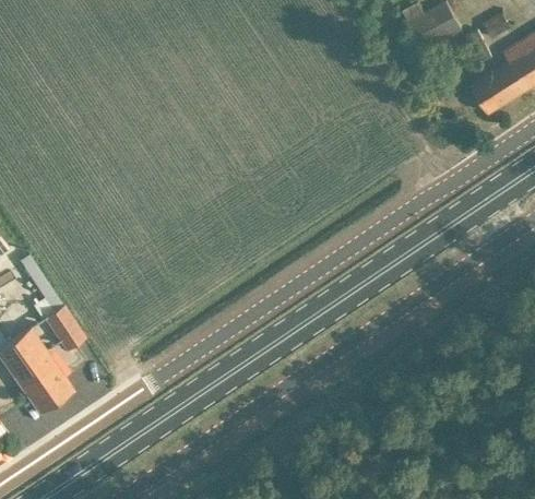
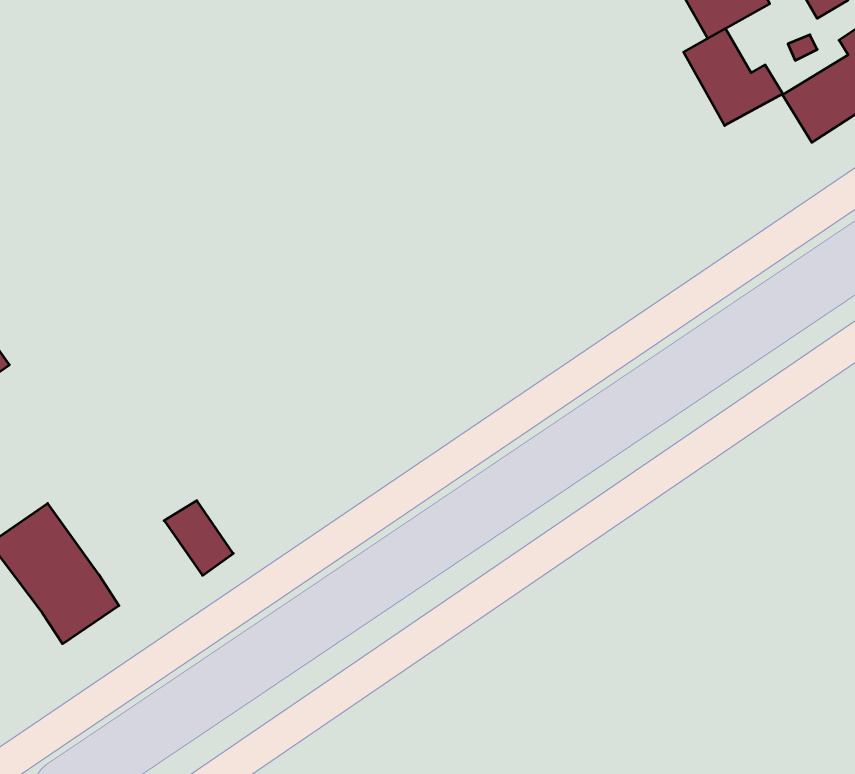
building: none -> [684,29,783,126]
building: [45,306,86,351] -> [164,501,233,575]

